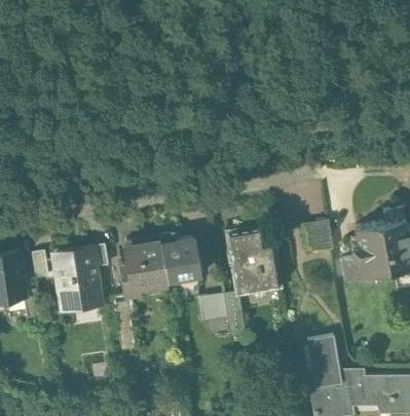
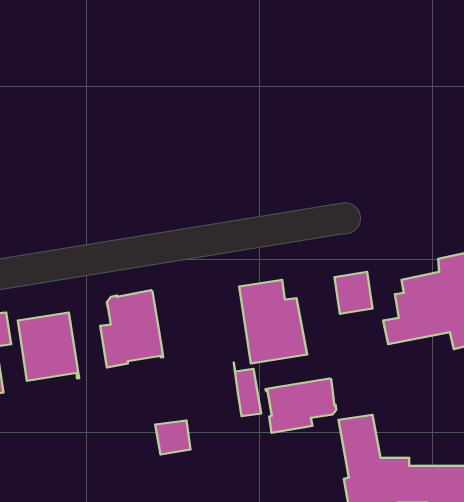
building: [160,235,200,280] -> none
building: [199,293,227,319] -> [155,421,190,455]
building: none -> [266,378,336,433]

